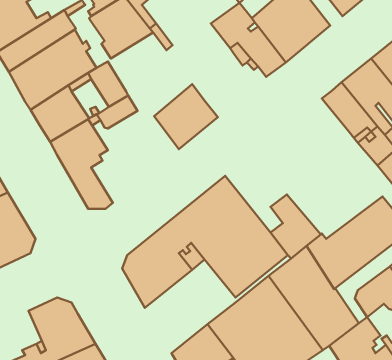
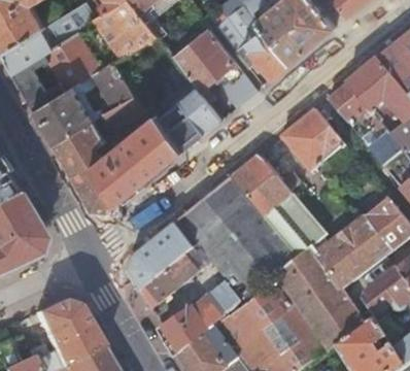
building: none -> [173,29,257,108]
building: none -> [278,109,343,174]
building: none -> [95,114,182,204]
building: none -> [229,156,291,234]
building: none -> [160,282,239,355]

